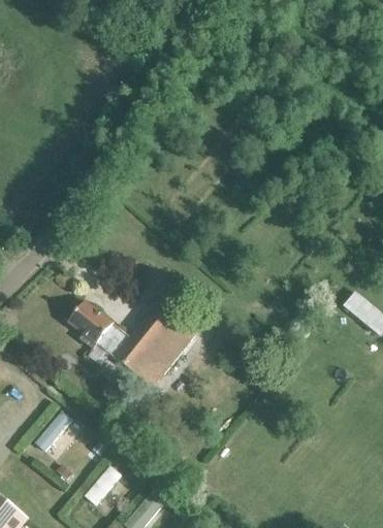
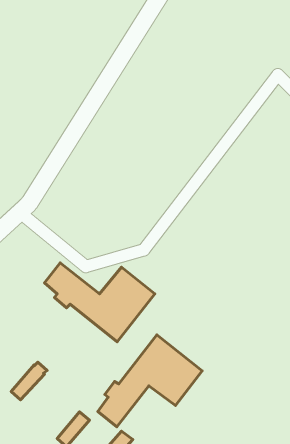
building: none -> [98,335,202,427]

